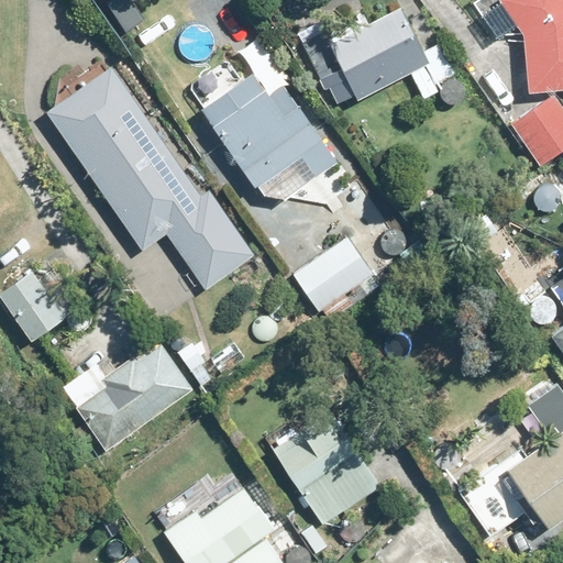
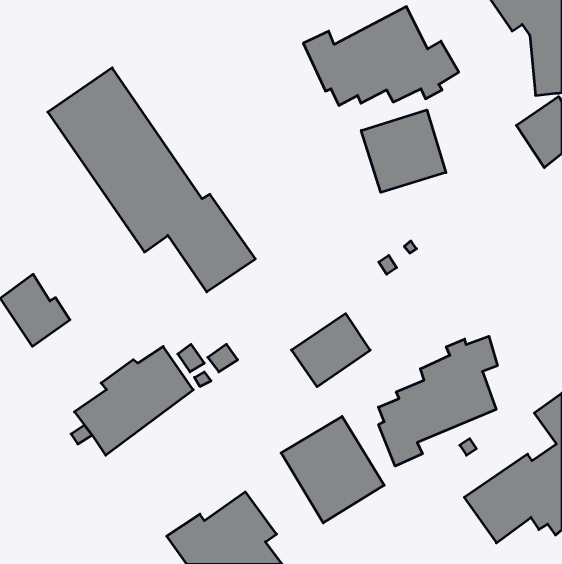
building: [203,75,338,195] -> none
building: none -> [361,110,446,192]
building: [292,239,371,311] -> [291,314,370,387]
building: none -> [378,336,497,466]

